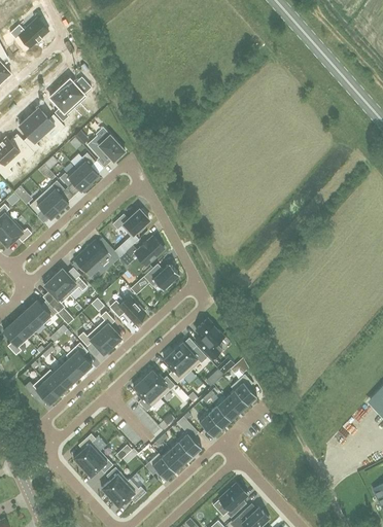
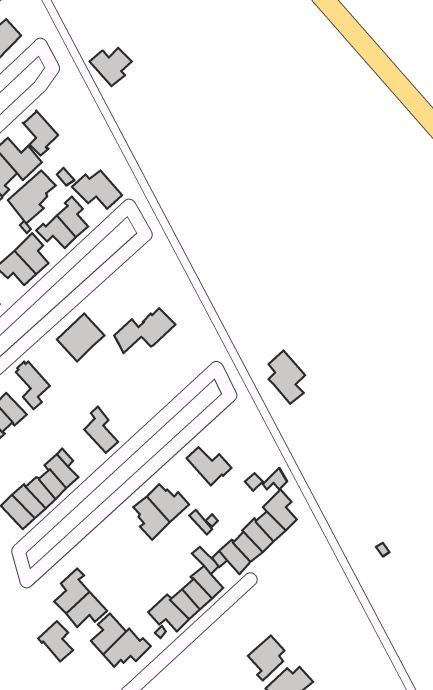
building: [60,77,92,106] -> [90,48,132,86]
building: none -> [8,171,56,224]
building: [112,209,149,237] -> none
building: [143,264,179,290] -> none
building: [54,269,88,295] -> none
building: [110,296,145,323] -> none
building: [196,319,223,359] -> [268,351,305,404]
building: [78,328,112,354] -> none
building: [164,350,192,383] -> none
building: none -> [38,621,73,661]

